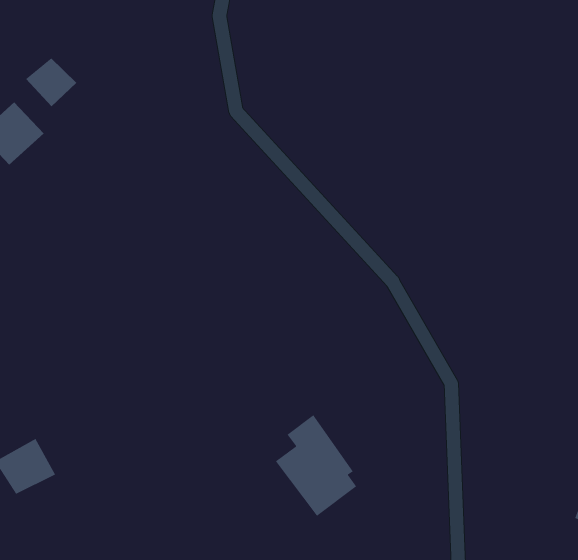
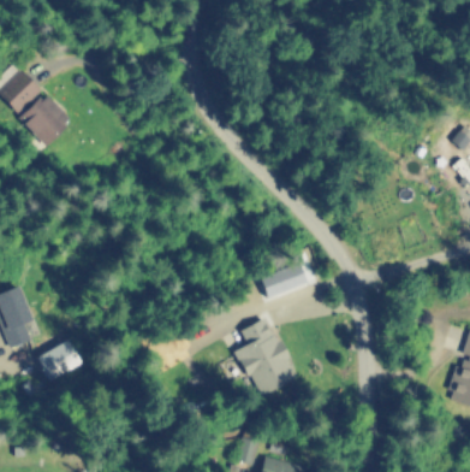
building: [25,57,77,107] -> none
building: none -> [261,265,308,299]

